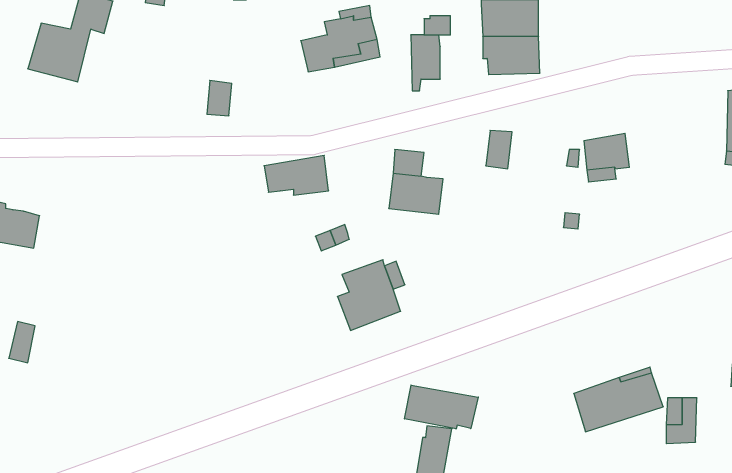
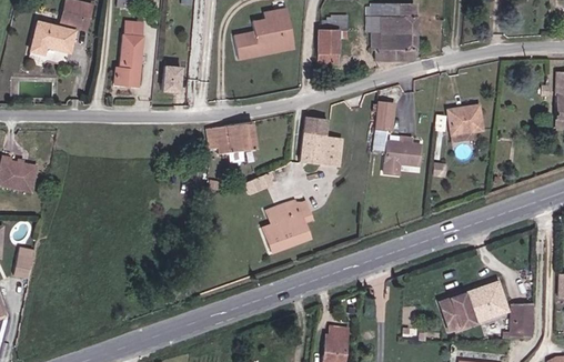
building: none -> [114,20,142,84]
building: none -> [380,140,421,174]
building: [405,385,478,429] -> none

